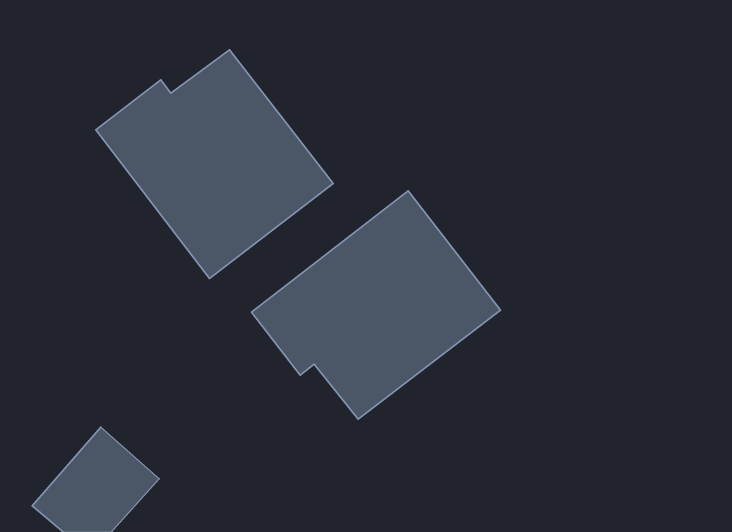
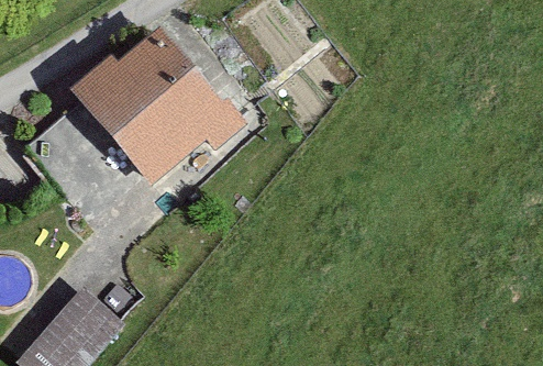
building: [252,191,500,419] -> none

